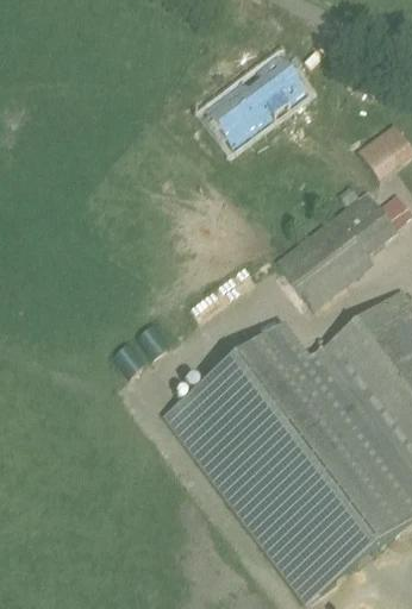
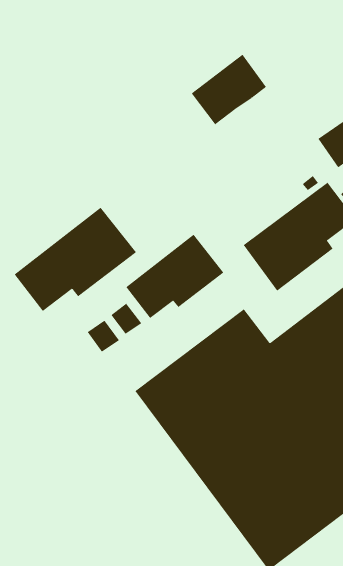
building: none -> [14,207,137,312]
building: none -> [126,234,224,319]

